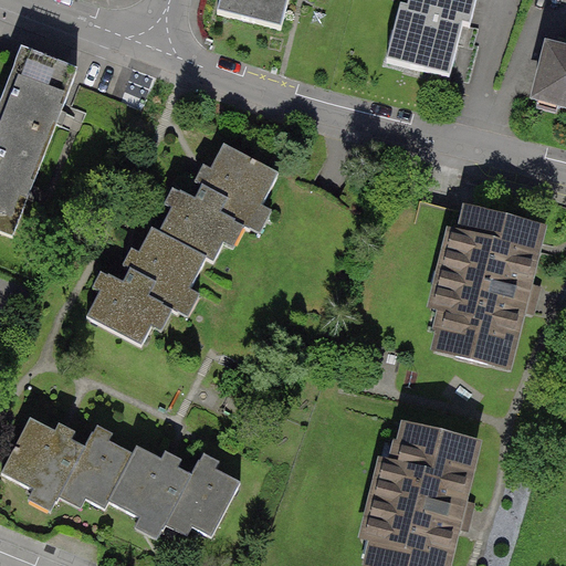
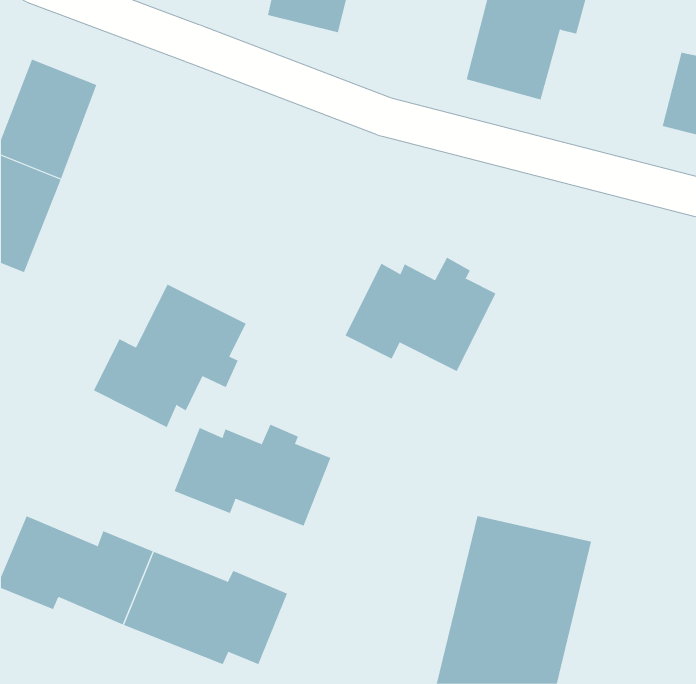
building: [138,140,272,261] -> none
building: [431,203,549,373] -> none
building: none -> [345,257,496,372]
building: none -> [174,424,331,527]

